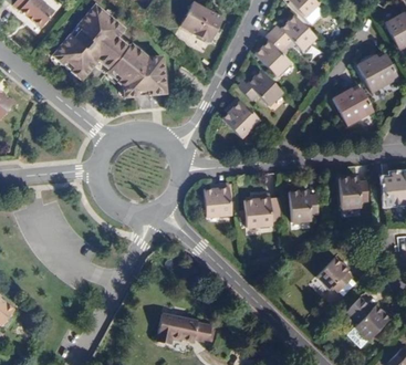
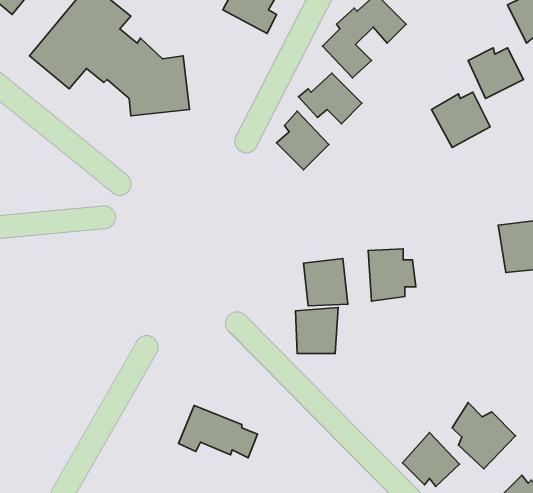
building: [339,178,367,213] -> none
building: [204,188,233,220] -> [296,308,338,353]
building: [315,257,355,294] -> [403,433,459,487]

